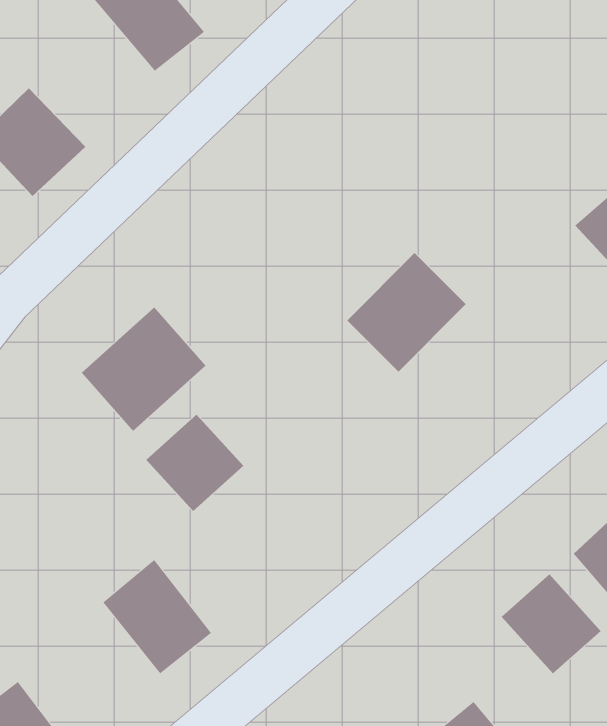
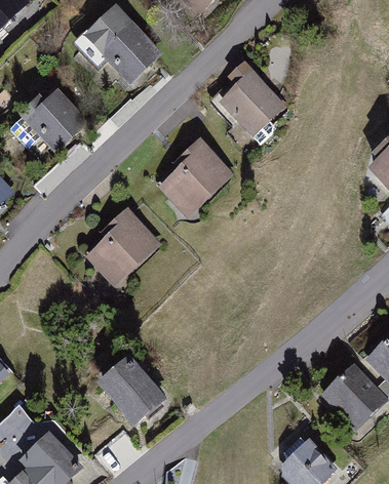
building: none -> [211,66,285,140]
building: [346,252,467,372] -> [160,146,229,214]
building: [146,414,244,512] -> none

